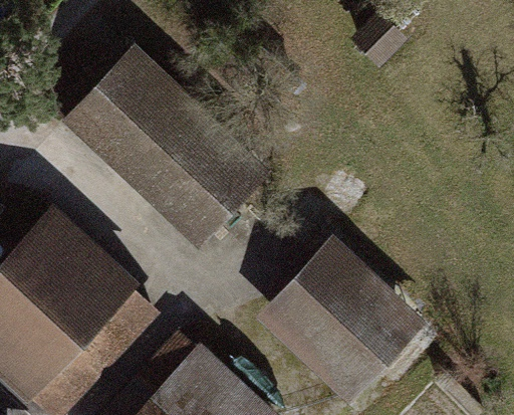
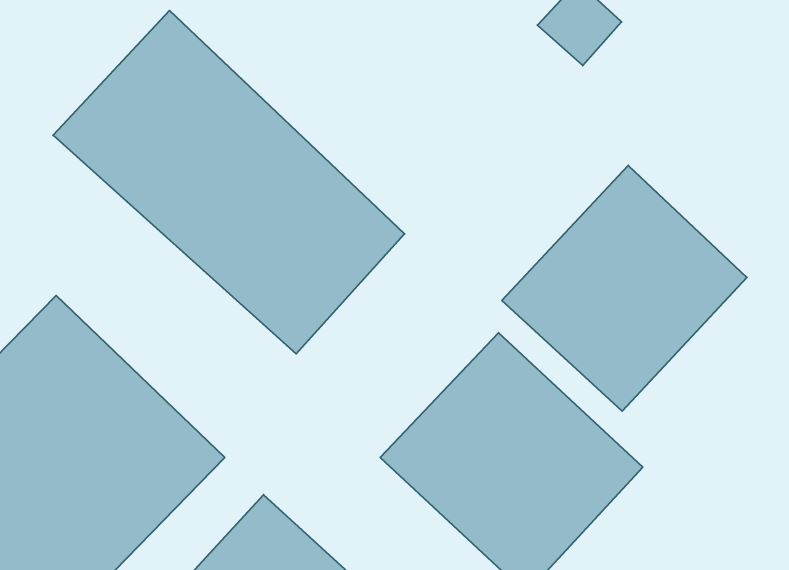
building: none -> [502,165,747,411]

